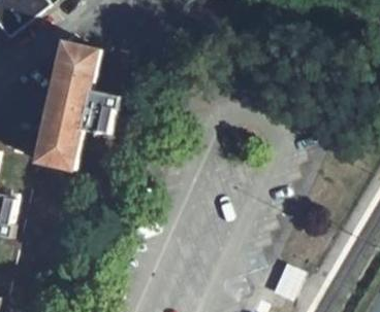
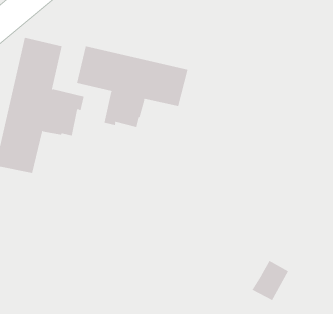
building: none -> [77,46,188,128]

